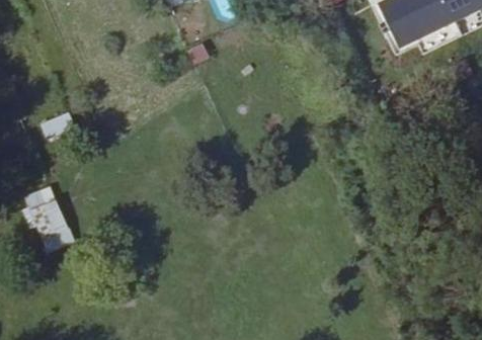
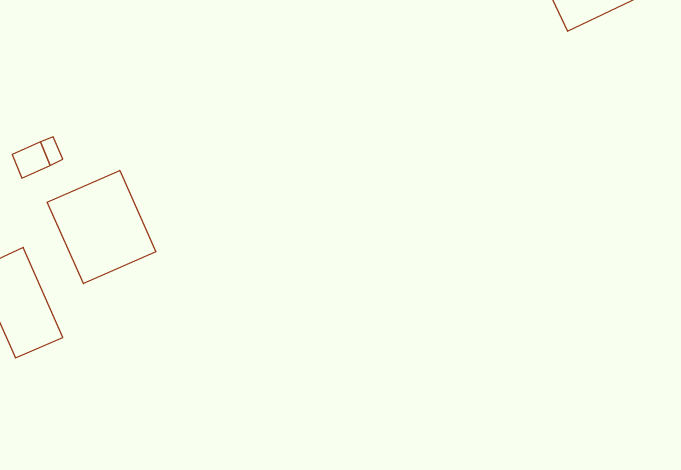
building: none -> [47,170,156,284]

